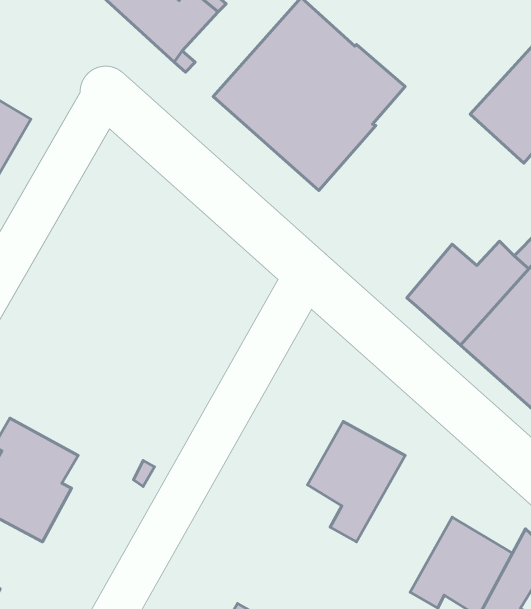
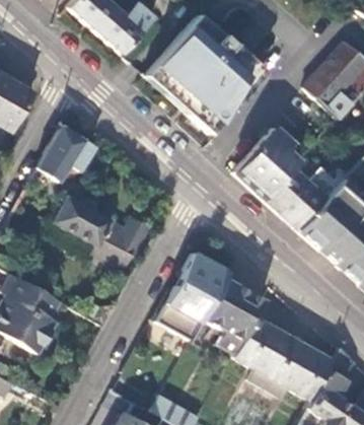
building: none -> [38,124,94,180]
building: none -> [235,128,300,201]
building: none -> [51,195,150,269]
building: none -> [156,252,230,340]
building: none -> [233,315,294,384]

